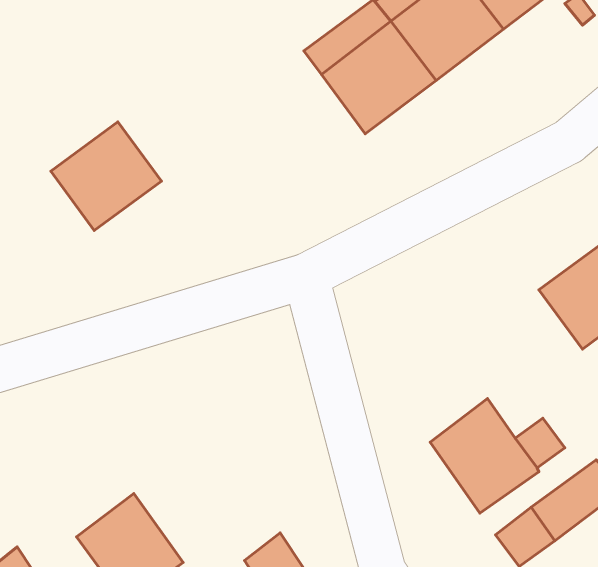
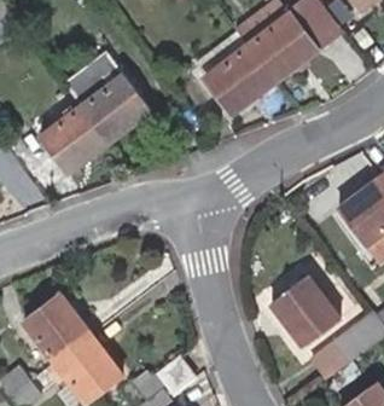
building: none -> [64,54,150,143]
building: none -> [23,291,91,360]

